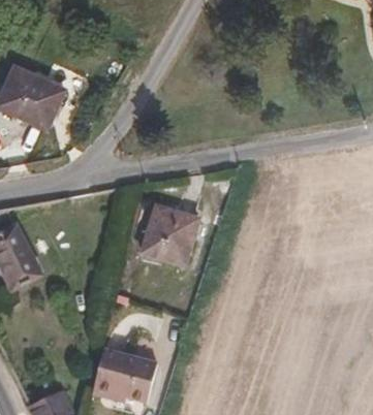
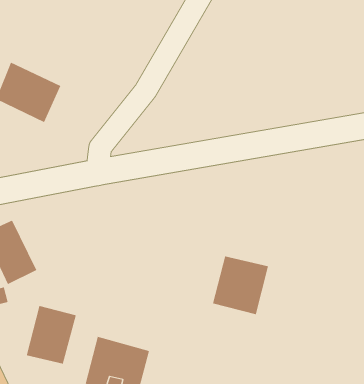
building: [142,205,198,264] -> [212,256,269,315]
building: none -> [26,305,77,365]

